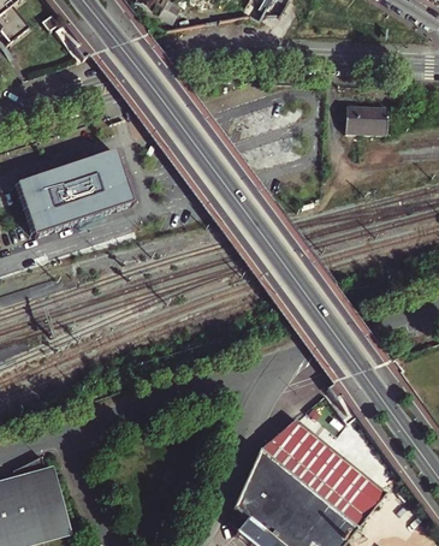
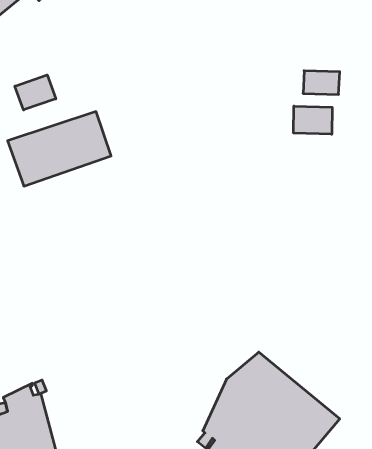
building: none -> [15,75,56,110]
building: none -> [294,106,332,134]

